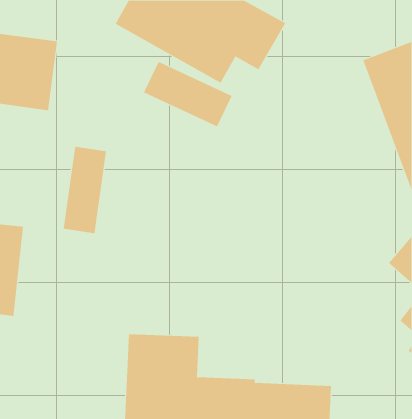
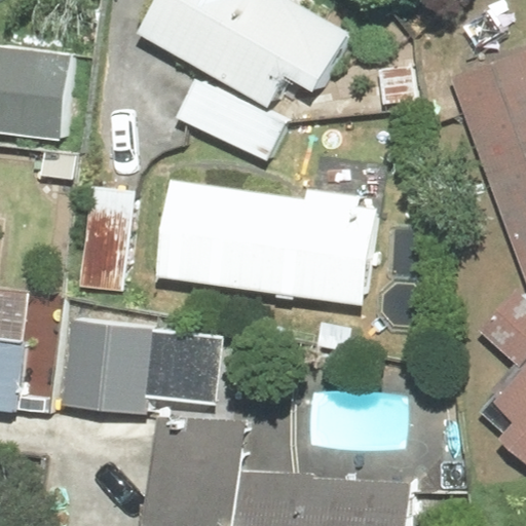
building: none -> [162,182,380,305]
building: none -> [62,323,224,415]

